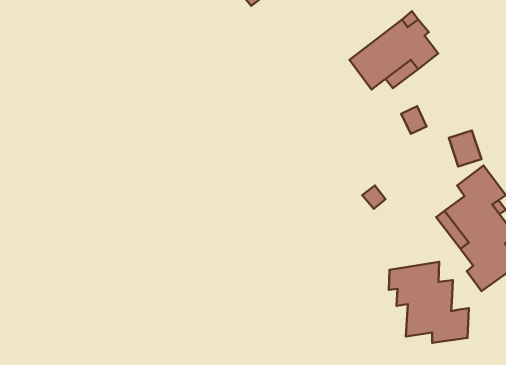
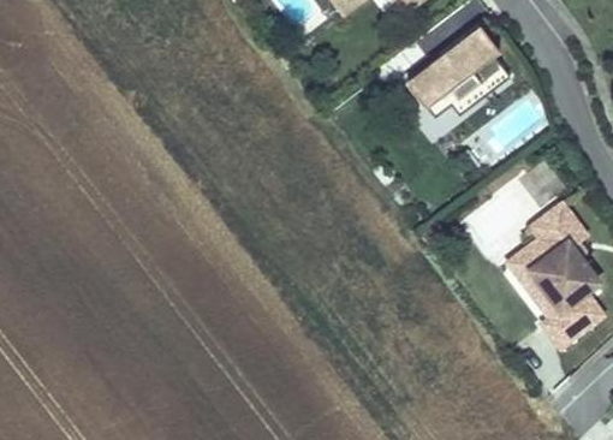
building: [389,262,469,343] -> none

